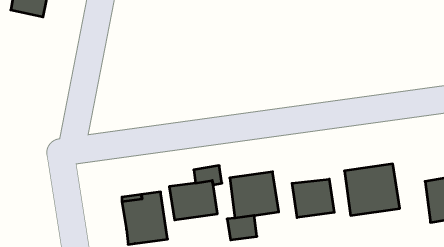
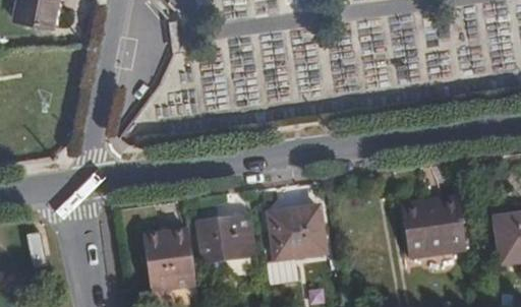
building: [292,179,334,218] -> none

